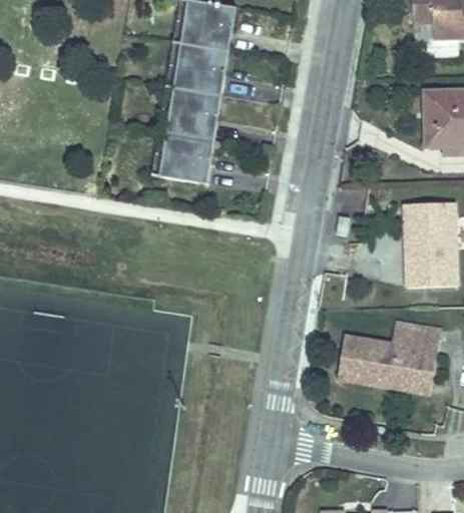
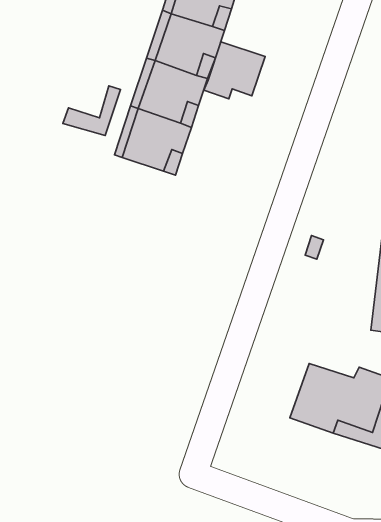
building: none -> [204,42,265,99]
building: none -> [63,86,120,136]

